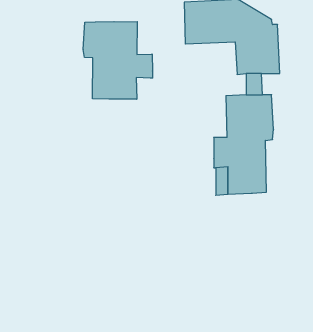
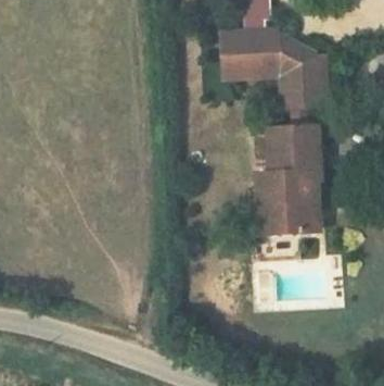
building: [83,22,153,99] -> none

